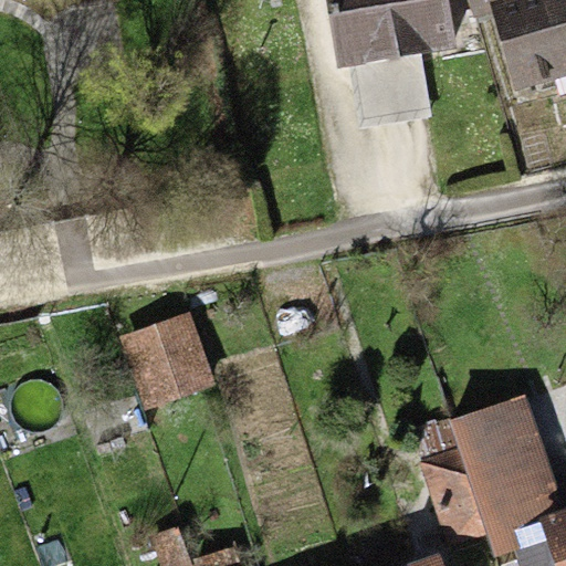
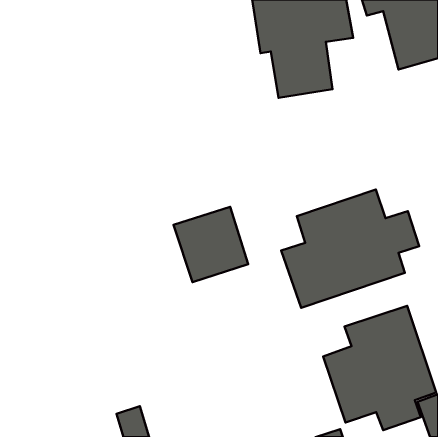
building: none -> [281,190,419,308]
building: [118,312,214,409] -> [174,207,248,282]

